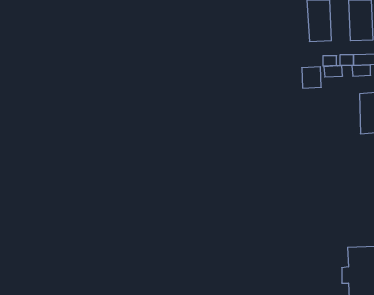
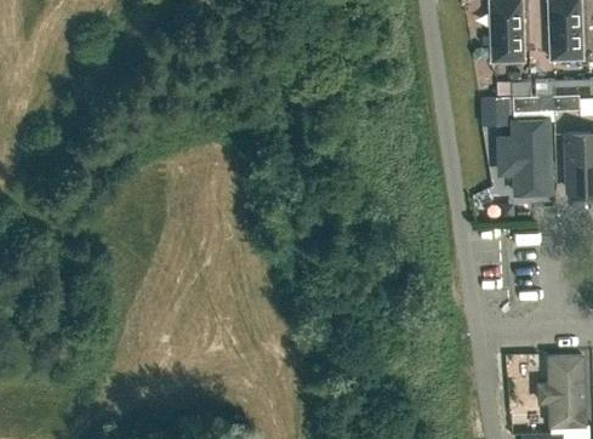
building: none -> [498,121,557,198]

